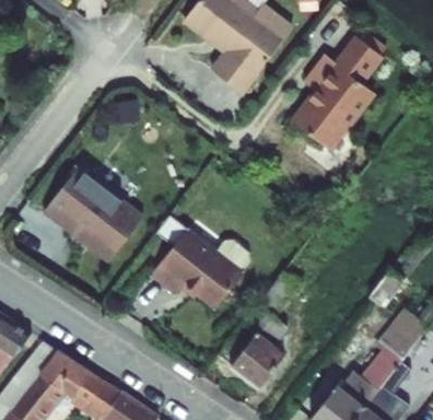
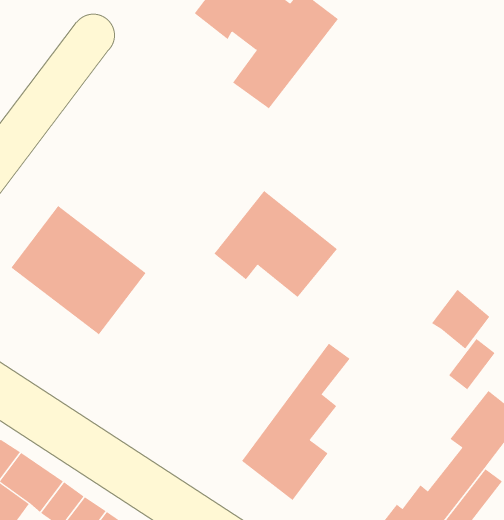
building: [291,32,388,152] -> none
building: [154,226,246,306] -> [214,190,338,298]
building: none -> [431,289,490,349]

